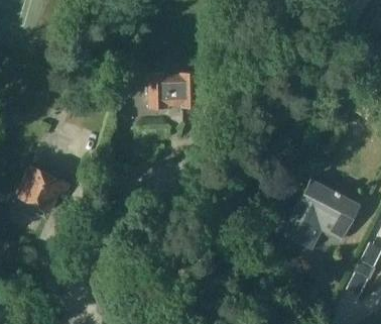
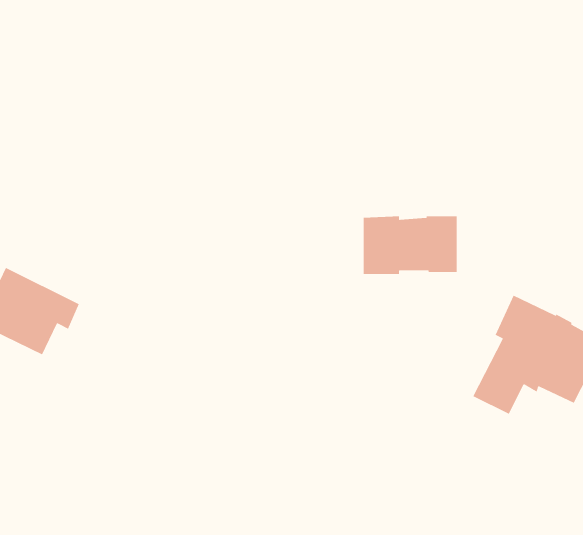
building: [148,74,200,106] -> [363,215,457,275]

